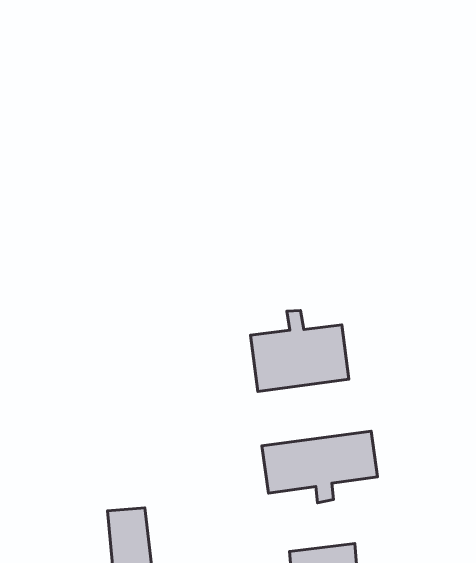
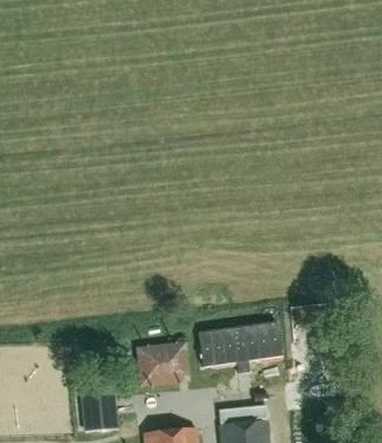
building: [251,310,349,391] -> none
building: none -> [135,341,190,387]

